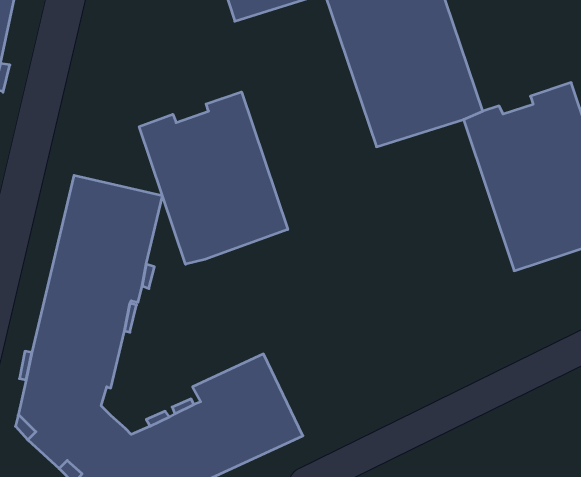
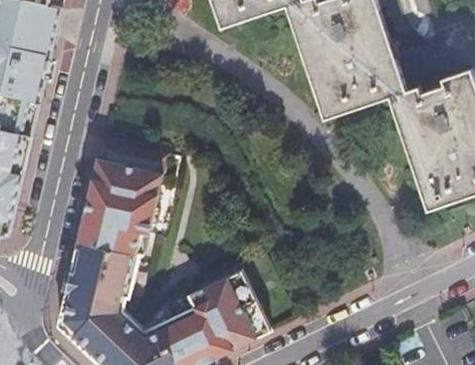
building: [139,92,288,264] -> none

